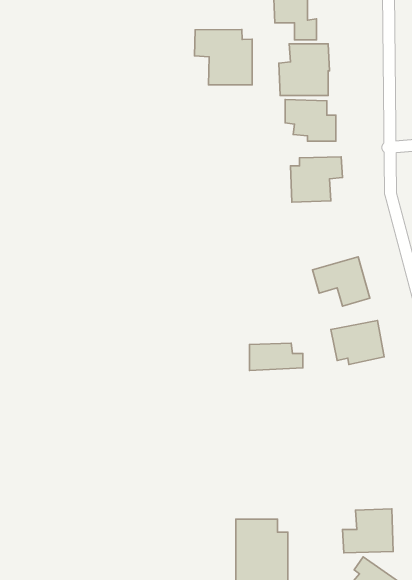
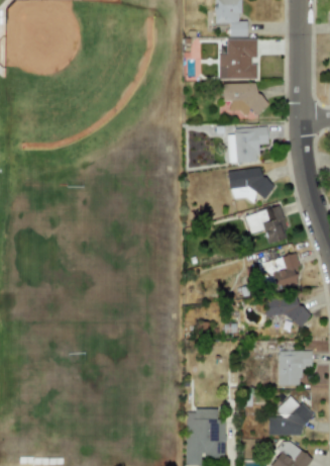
building: [194,30,252,85] -> none
building: none -> [229,167,273,201]
building: [250,343,303,370] -> [265,298,307,319]
building: none -> [279,351,312,385]

